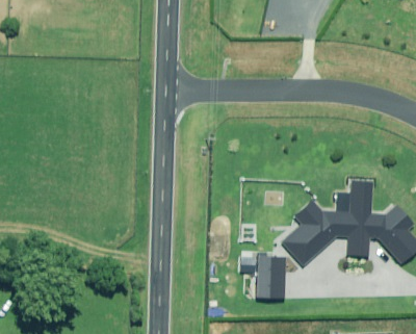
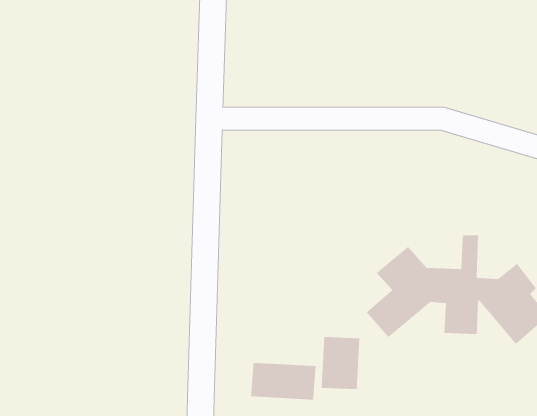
building: none -> [250,362,316,400]

